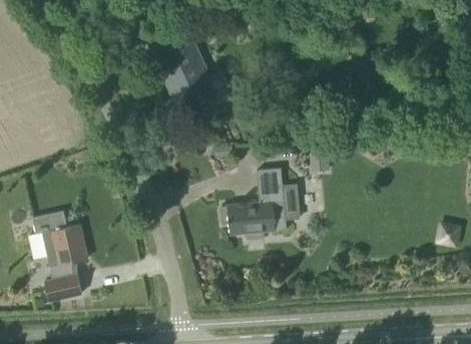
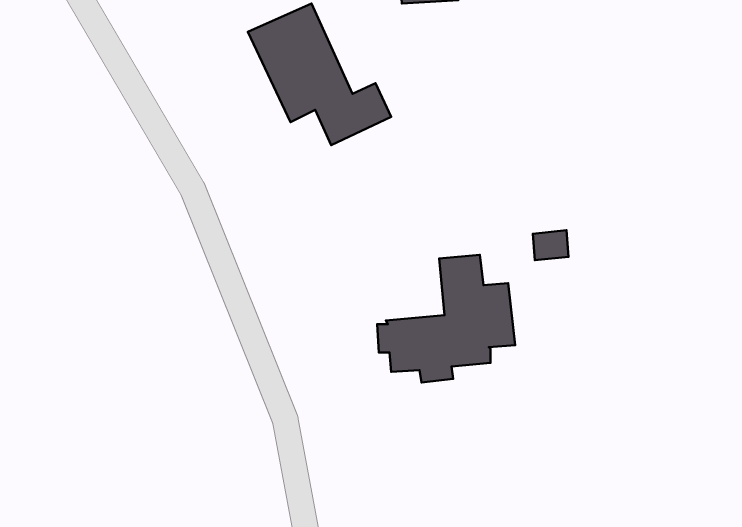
building: [33,212,87,301] -> none

